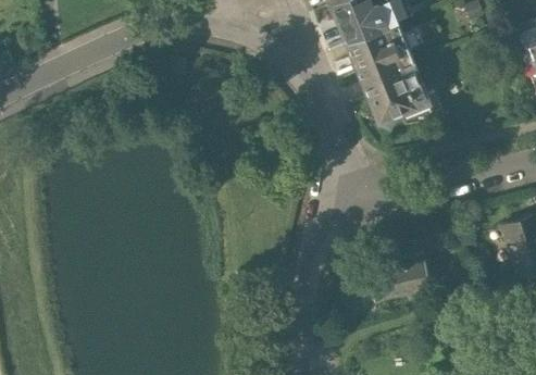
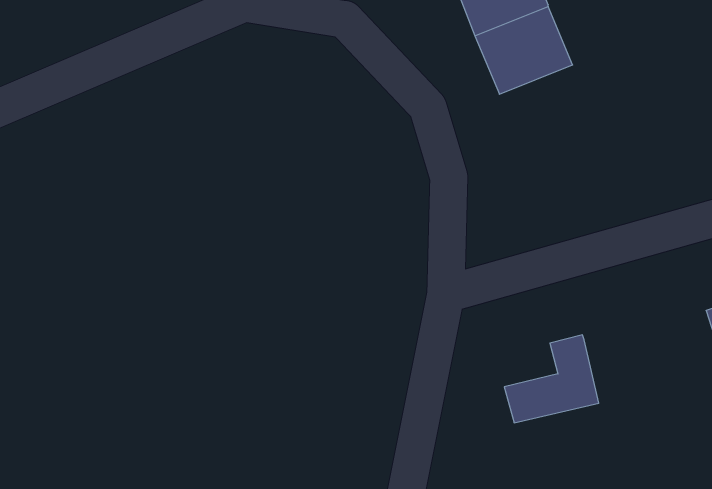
building: [363,62,435,125] -> none

